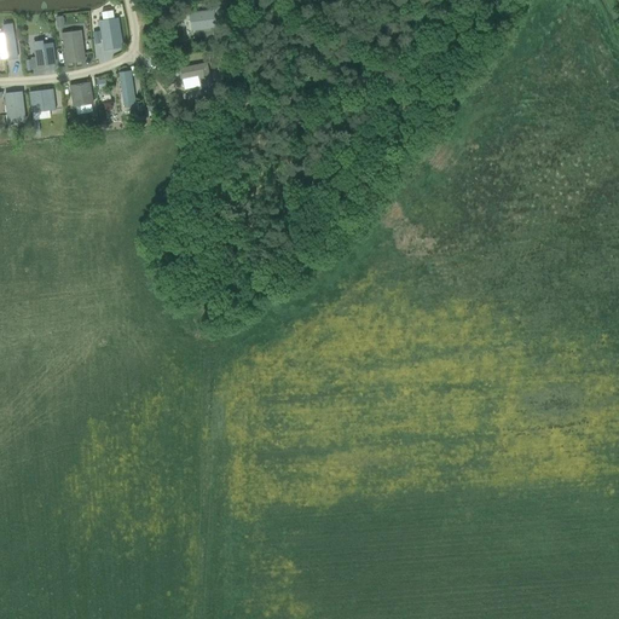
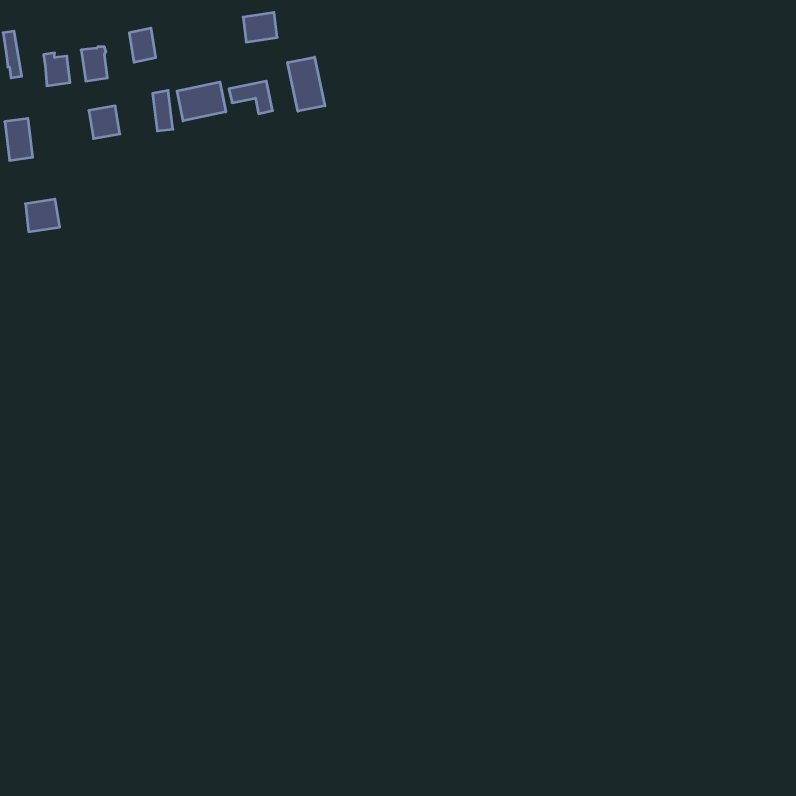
building: none -> [288,57,325,111]
building: none -> [177,82,226,121]
building: [29,88,56,114] -> [25,199,60,232]

